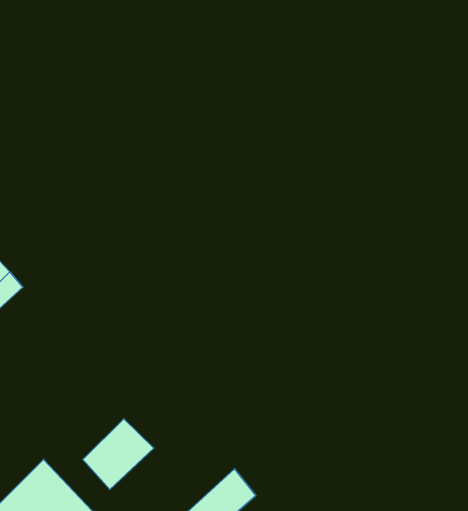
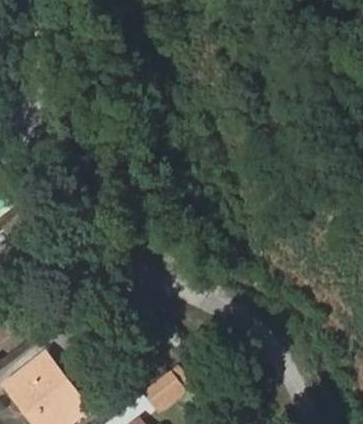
building: [83,419,154,489] -> none

